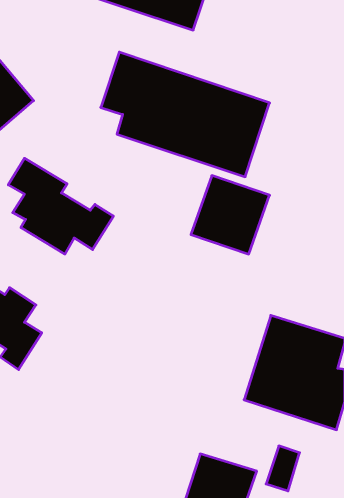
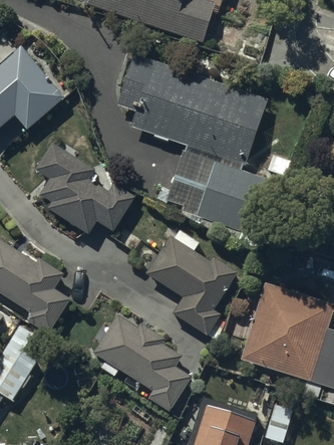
building: none -> [150,240,236,331]
building: none -> [97,318,189,408]

